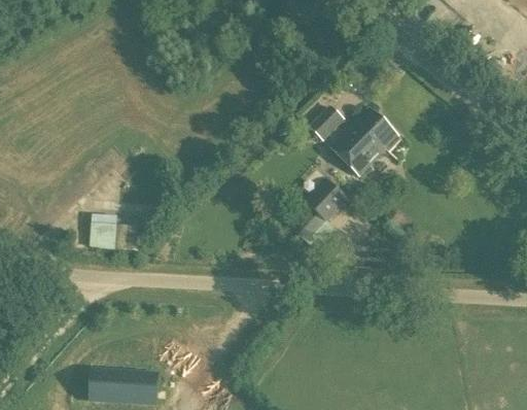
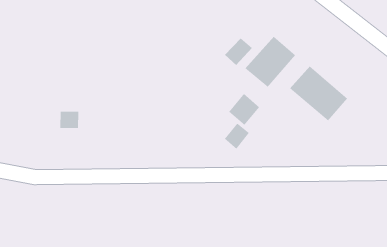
building: none -> [289,66,348,121]
building: [91,224,117,248] -> [59,111,79,129]

